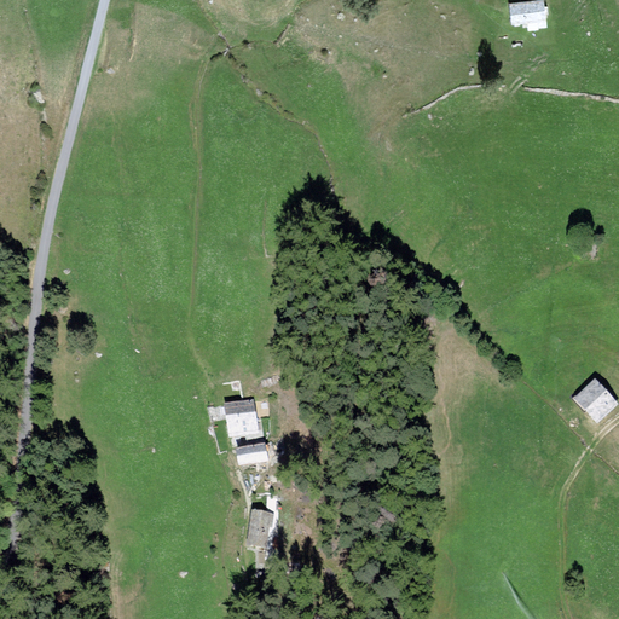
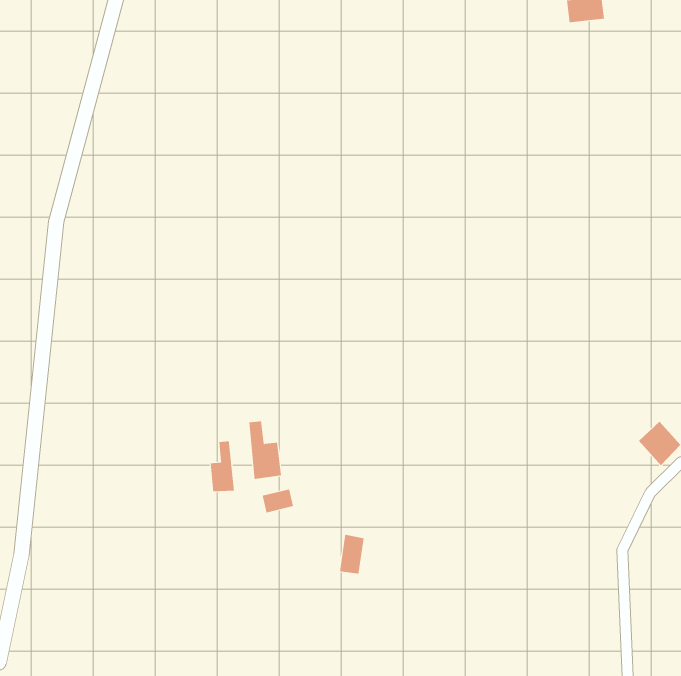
building: none -> [210,441,235,492]
building: [248,509,271,545] -> [339,534,364,574]

